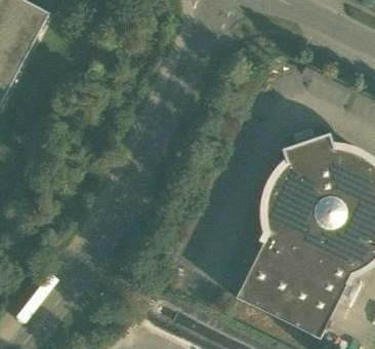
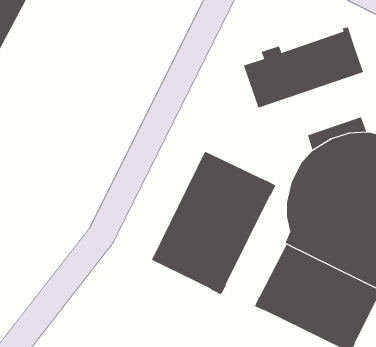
building: none -> [243,26,364,108]
building: none -> [151,151,276,295]

